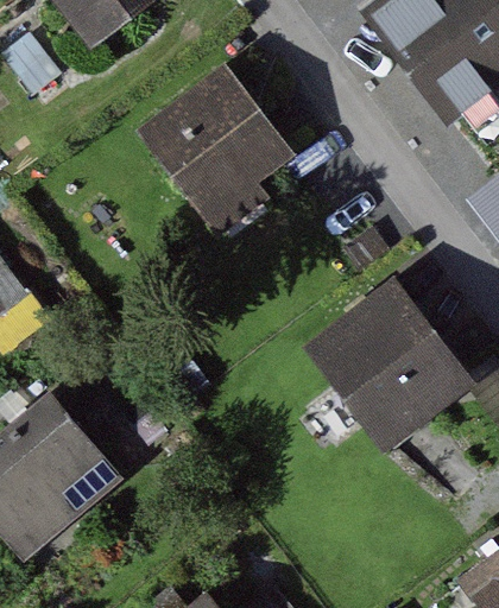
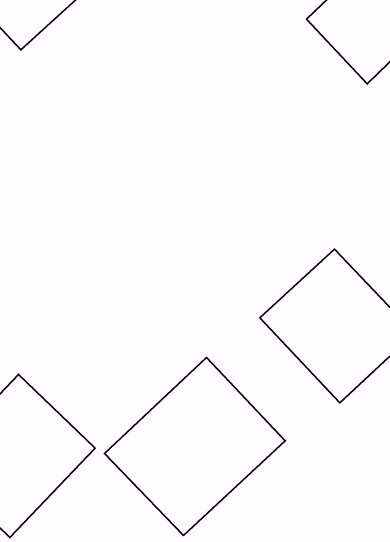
building: [144,69,293,220] -> none
building: none -> [105,358,285,535]

